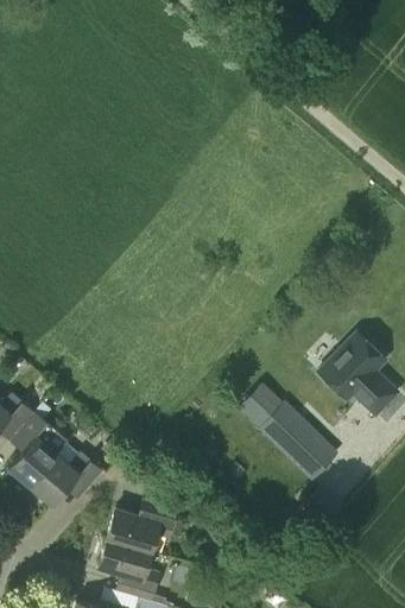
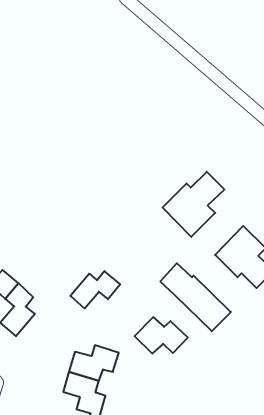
building: none -> [163,172,224,237]
building: [31,452,102,506] -> [70,271,120,308]
building: none -> [135,317,188,354]

